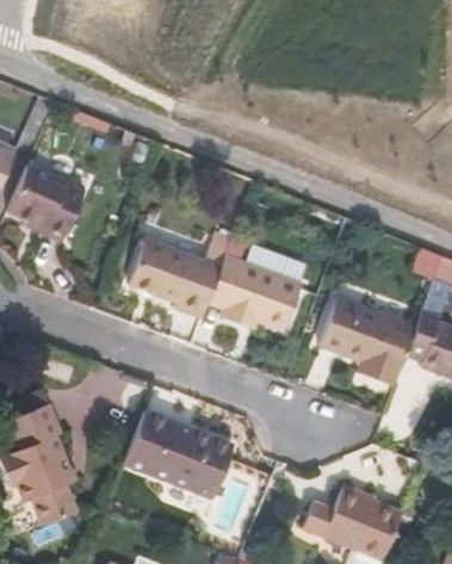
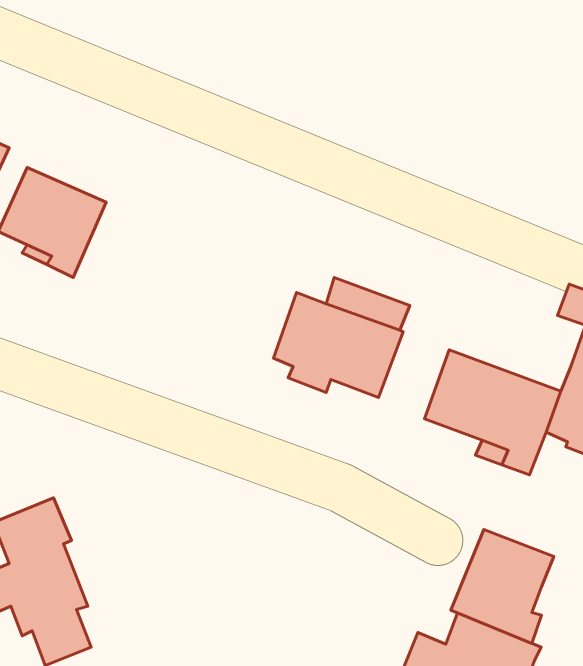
building: [128,230,233,317] -> none
building: [124,409,234,497] -> none
building: none -> [451,529,554,643]

